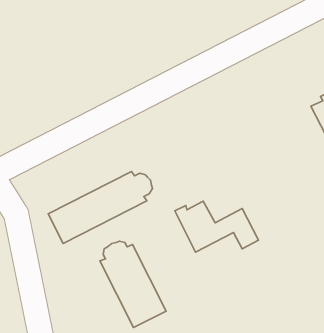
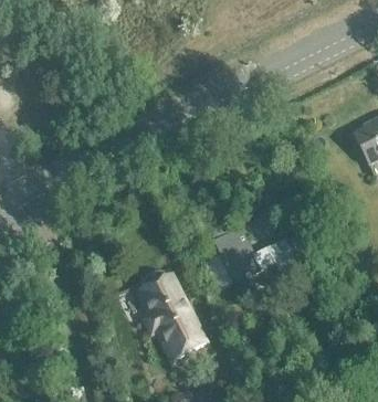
building: [48,172,153,243] -> none

